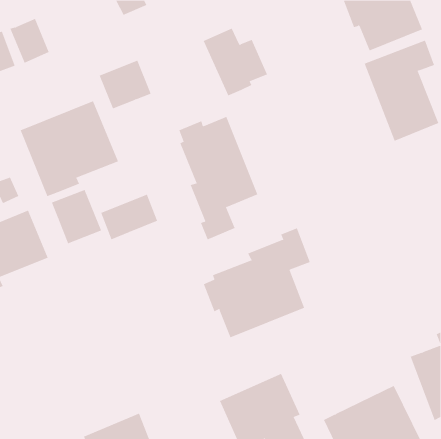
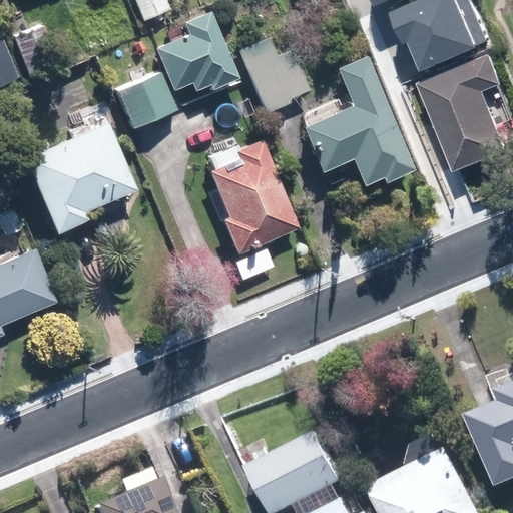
building: none -> [153,11,238,92]
building: none -> [302,54,414,186]
building: [51,189,102,244] -> none
building: [101,194,158,240] -> none
building: [203,227,310,338] -> none

